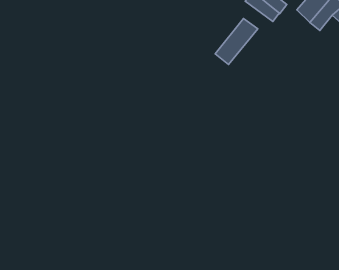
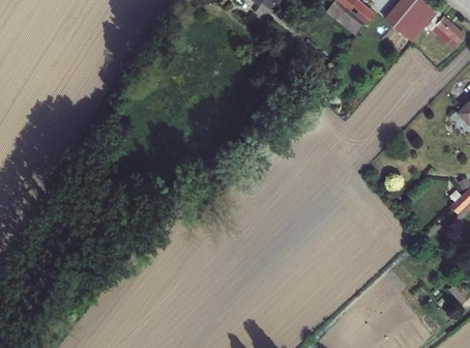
building: [215,18,258,65] -> none

